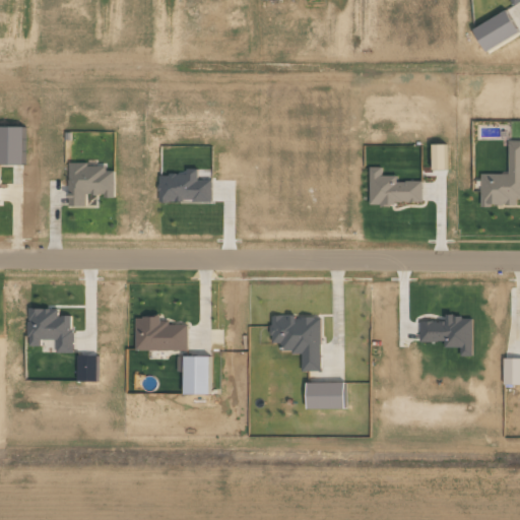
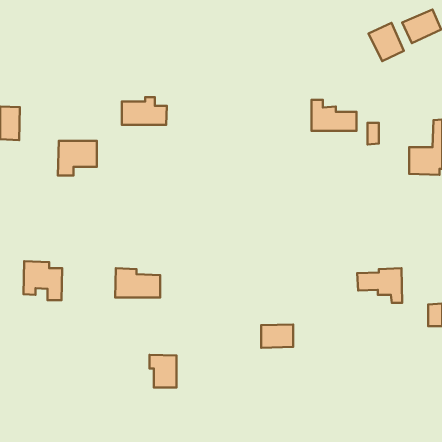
building: none -> [369,23,404,61]
building: [369,167,421,203] -> [312,100,357,131]
building: [159,169,212,201] -> [122,97,167,125]
building: [271,315,321,370] -> none
building: [178,354,209,393] -> [150,355,176,388]

